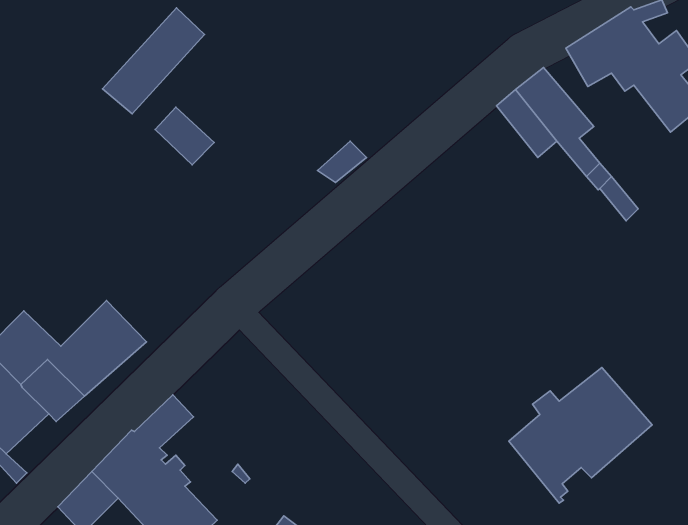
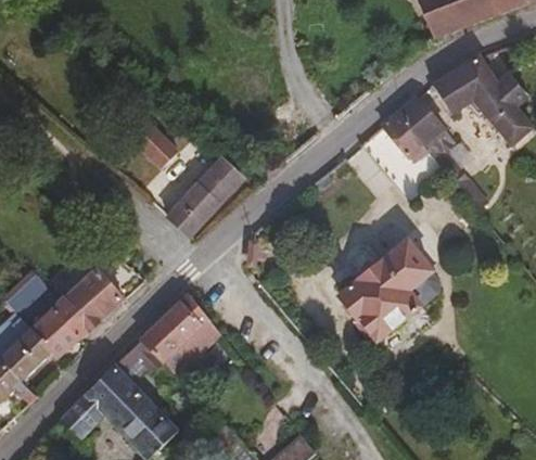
building: [103,8,205,114] -> [166,157,241,235]
building: none -> [143,293,220,374]
building: [509,367,652,503] -> [339,241,444,341]

